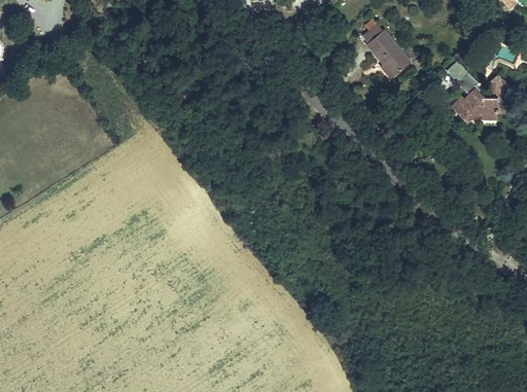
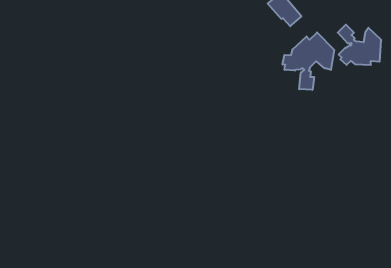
building: none -> [283,32,334,90]

